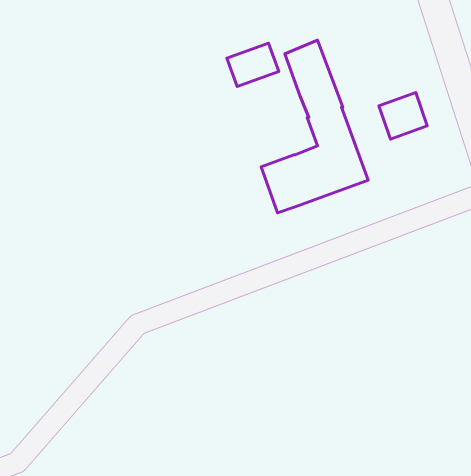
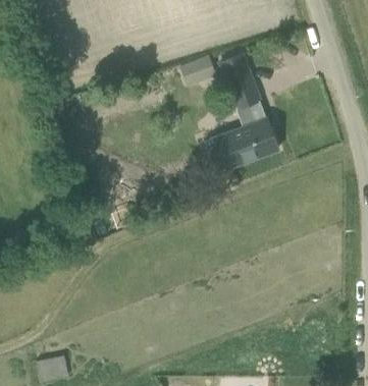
building: [379,93,427,139] -> none

